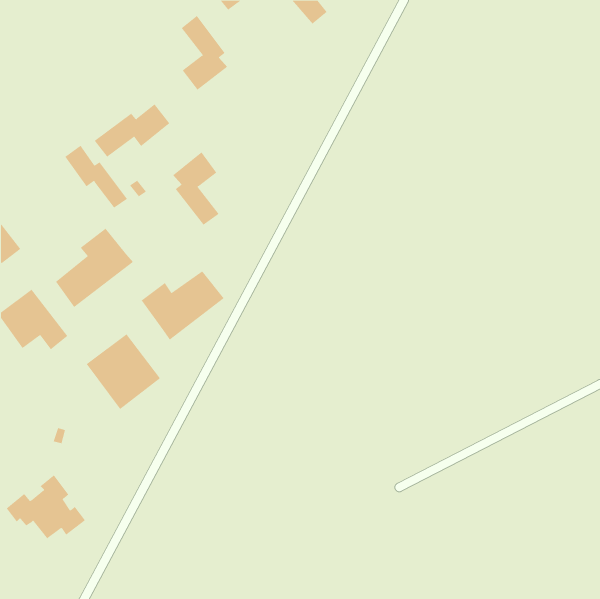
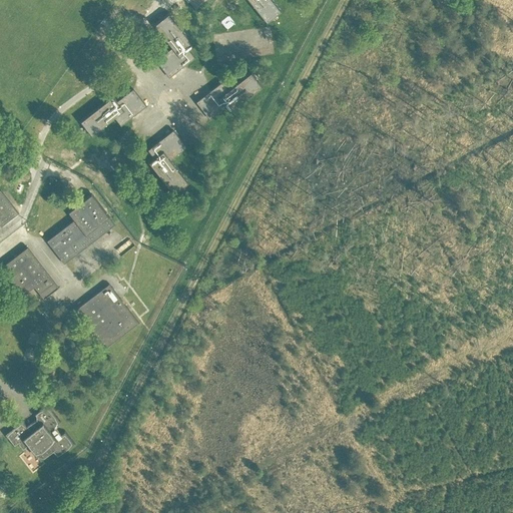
building: none -> [196,73,262,119]
building: [65,145,128,209] -> none
building: [141,271,225,341] -> none

